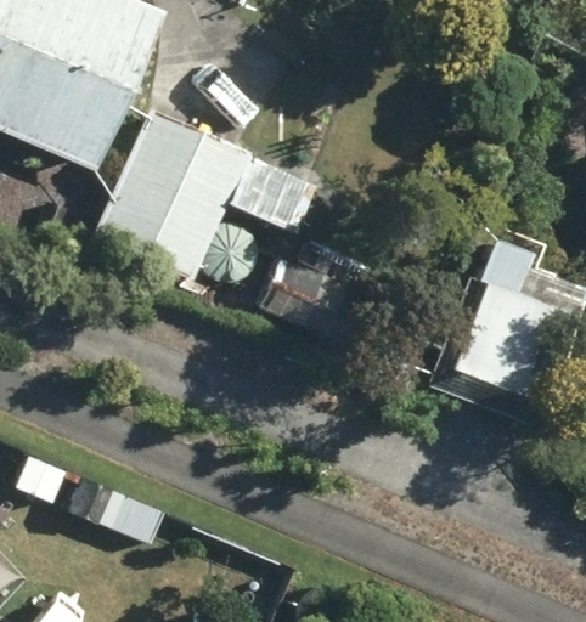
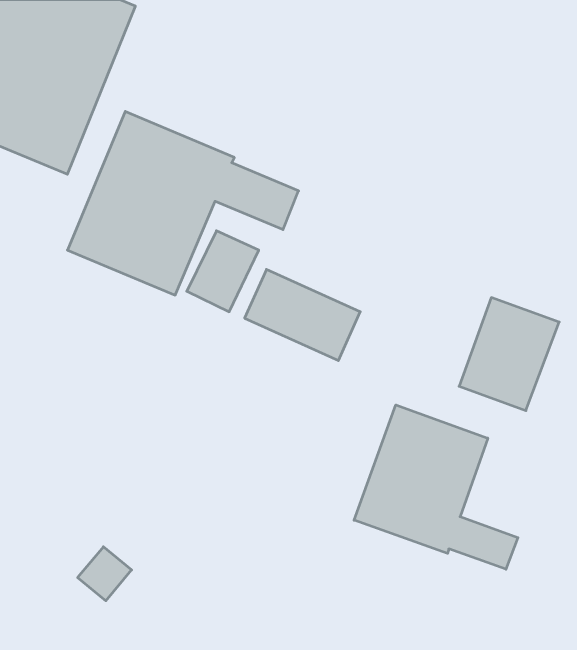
building: none -> [354,405,518,569]

